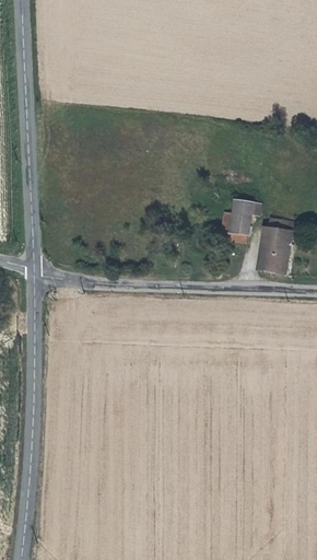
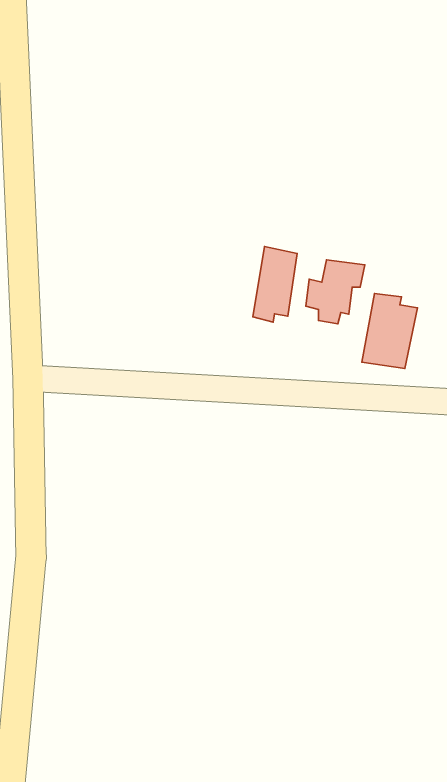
building: none -> [253,246,297,322]

